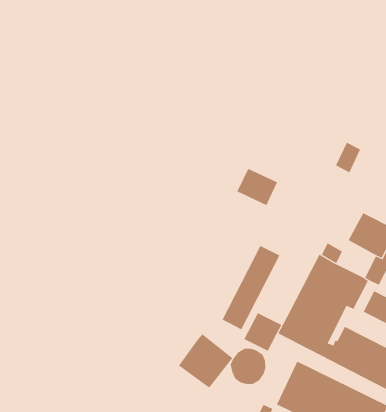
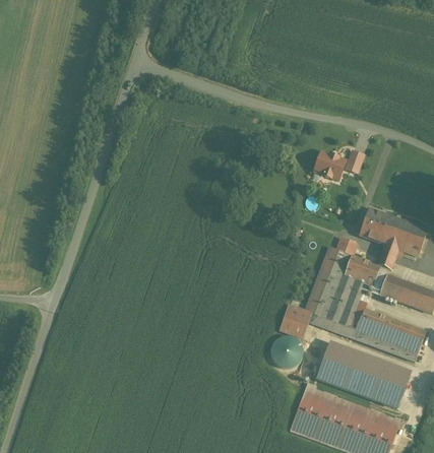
building: [237,168,278,206] -> [309,150,344,181]
building: [222,245,280,330] -> none
building: [178,333,233,389] -> none

